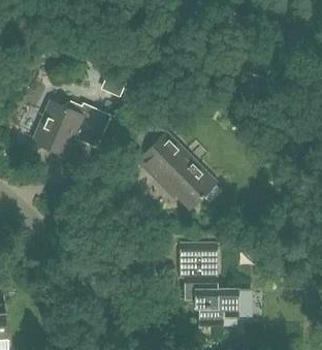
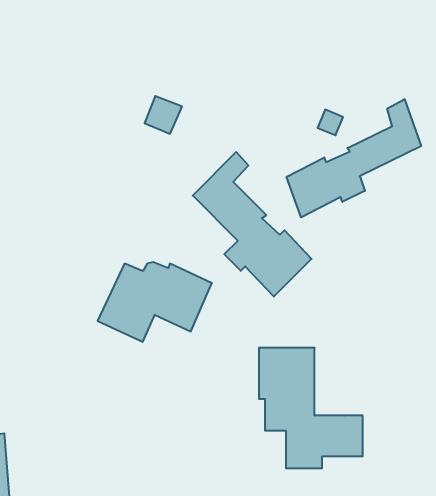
building: none -> [287,99,421,217]
building: [33,101,111,156] -> [98,262,212,342]

